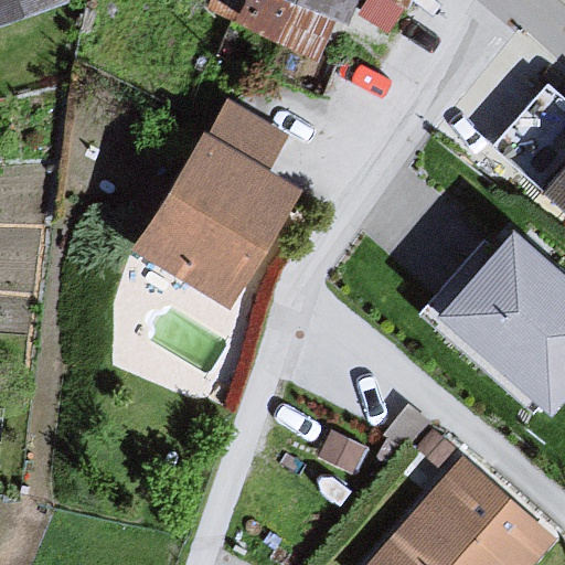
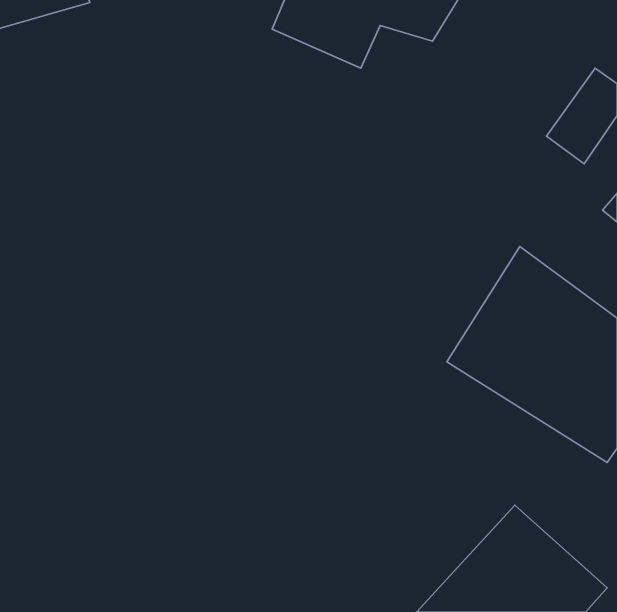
building: [136,99,311,306] -> none

